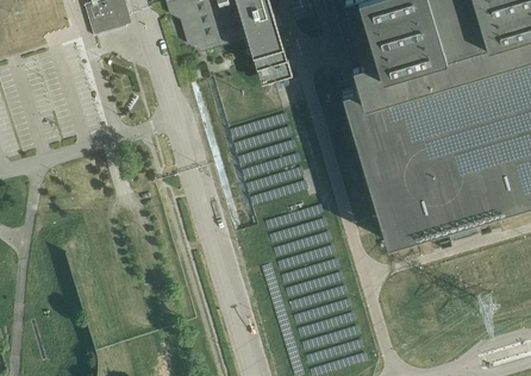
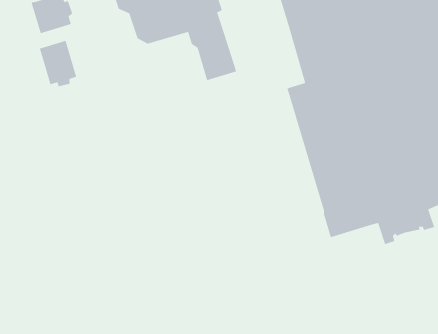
building: none -> [39,40,77,87]

